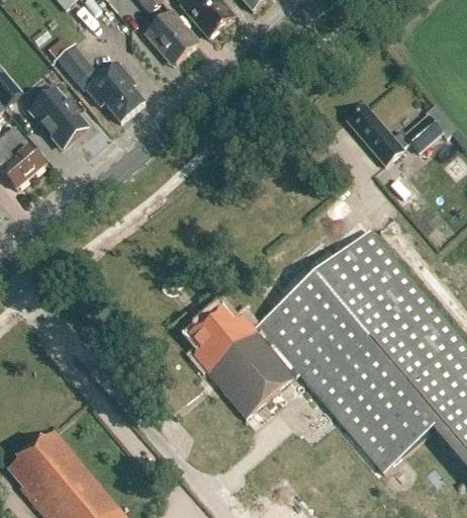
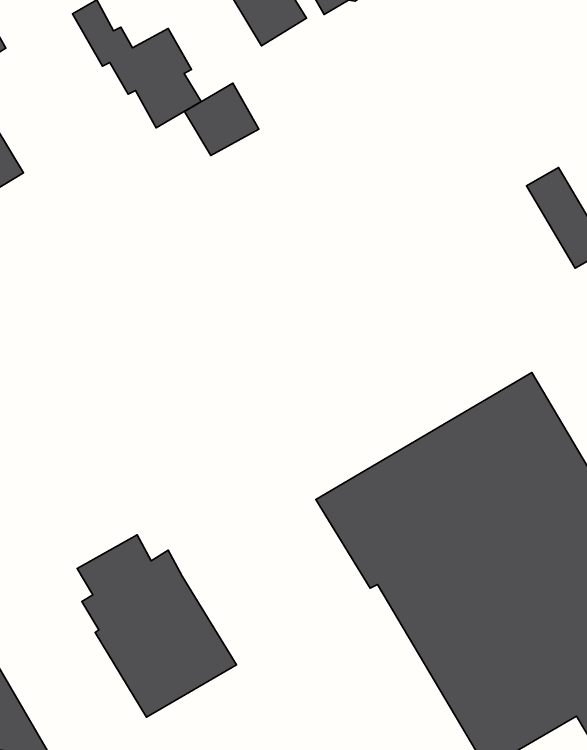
building: none -> [184,83,259,156]
building: [29,87,86,145] -> none
building: [189,307,294,415] -> [77,535,237,717]

